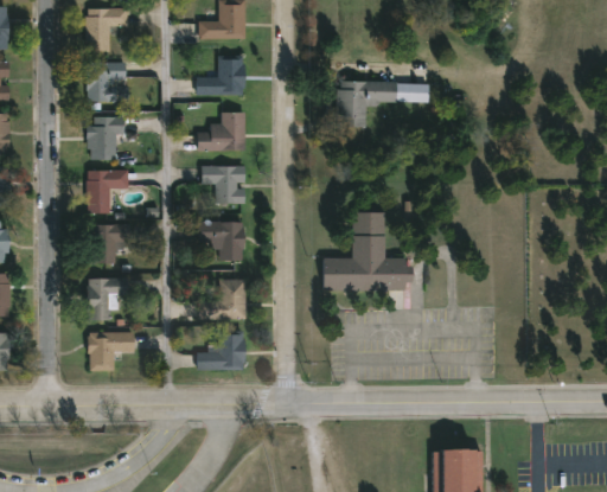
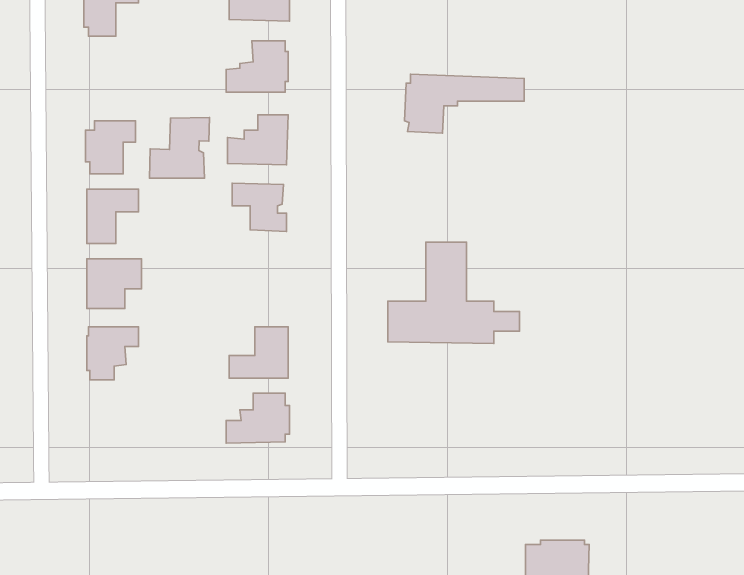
building: [88,62,127,102] -> none
building: none -> [149,118,209,178]
building: [199,223,244,261] -> none
building: [89,333,135,371] -> none

